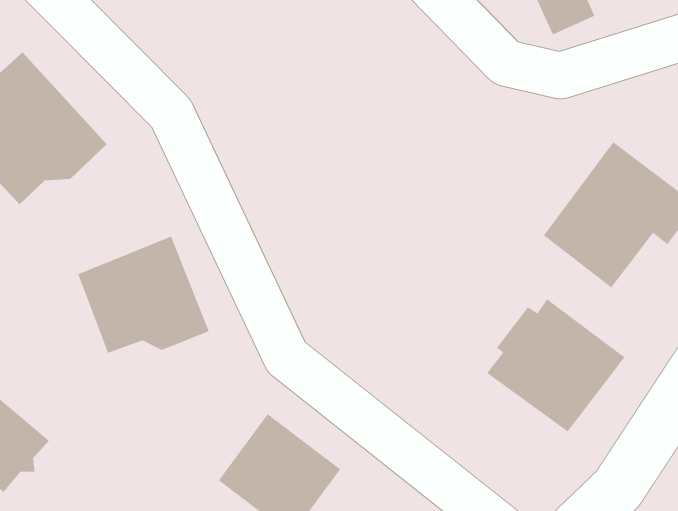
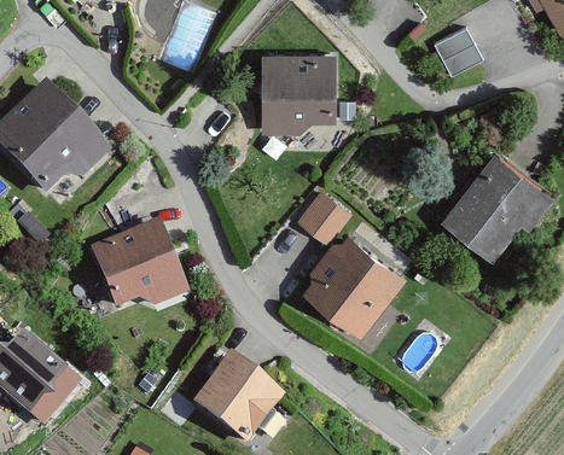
building: none -> [258,57,335,132]
building: none -> [293,189,348,244]
building: [486,298,625,433] -> [303,235,408,337]

